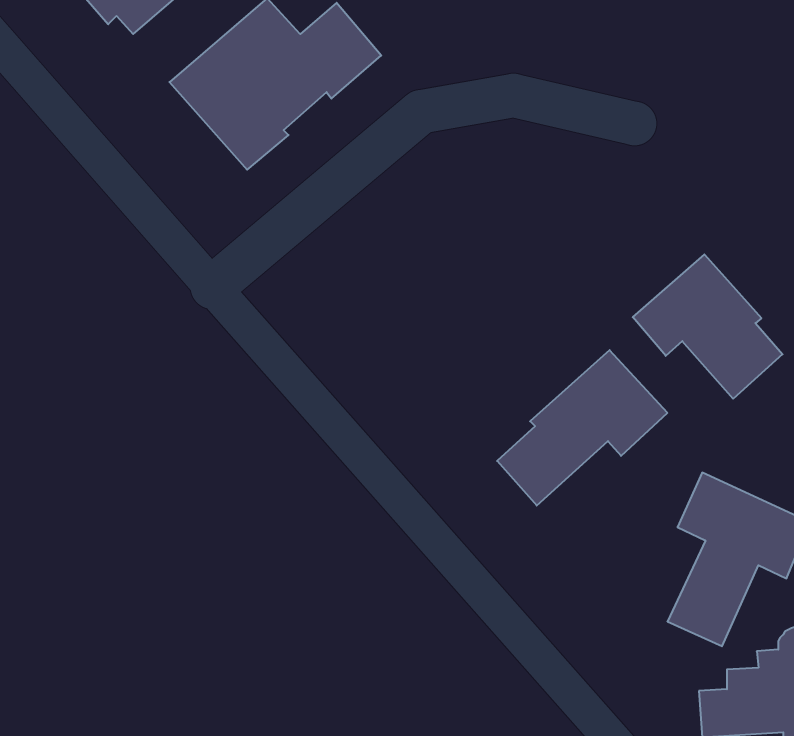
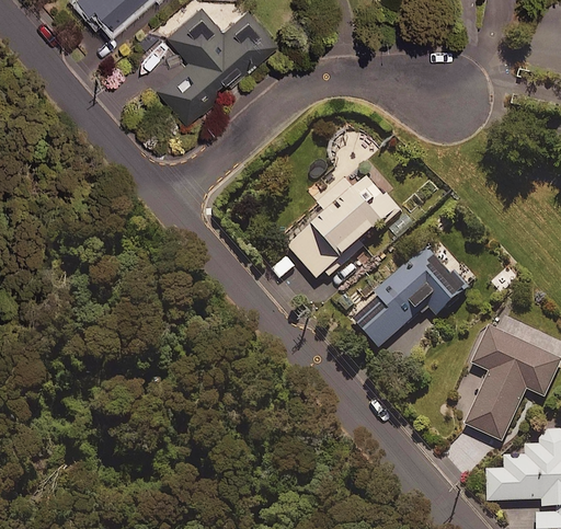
building: none -> [280,170,402,277]
building: [633,254,783,399] -> none

